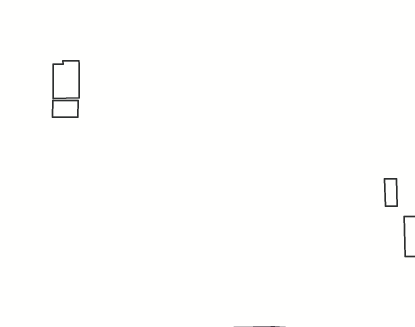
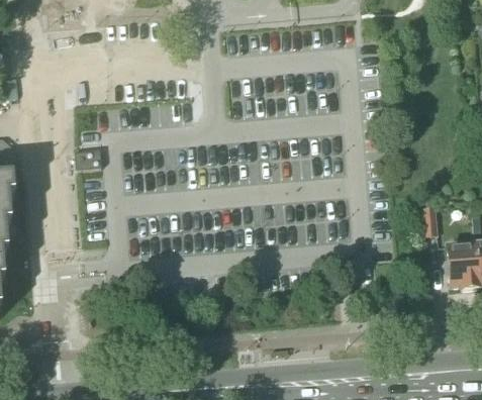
building: [53,61,79,99] -> none

